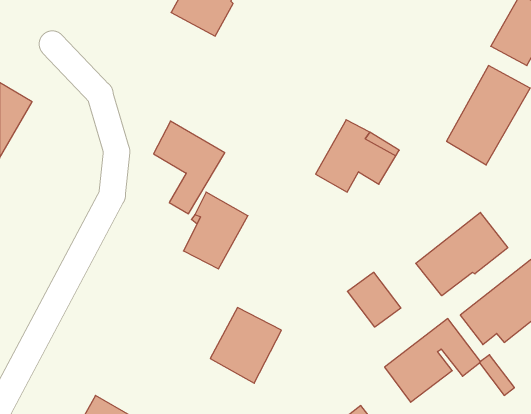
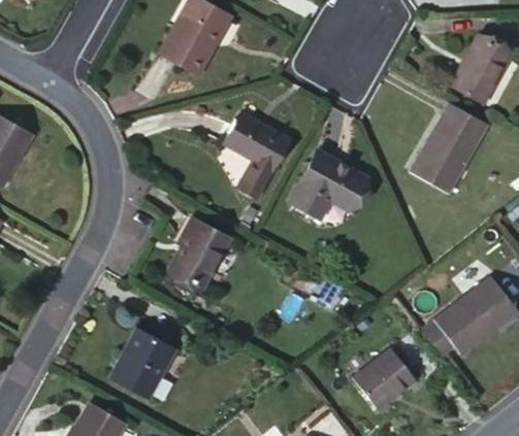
building: [154,121,225,214] -> [225,112,290,197]
building: [416,212,508,296] -> none
building: [347,272,401,327] -> none
building: [210,308,281,383] -> [110,329,175,398]

